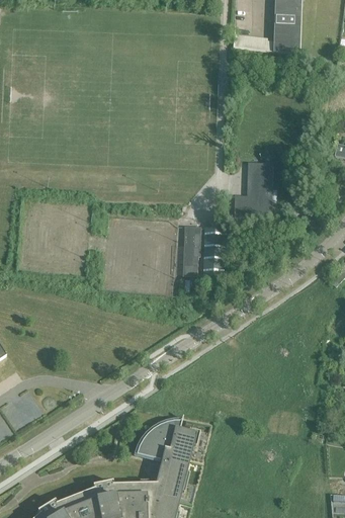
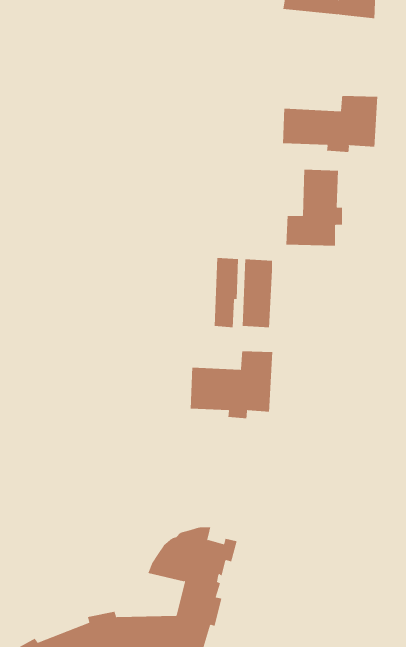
building: none -> [282,95,378,153]
building: none -> [190,351,273,419]

